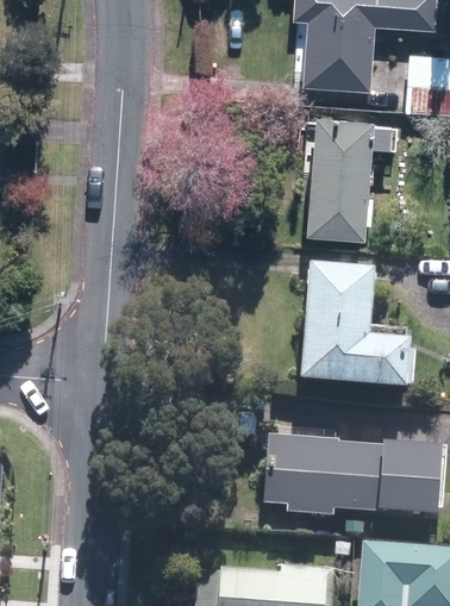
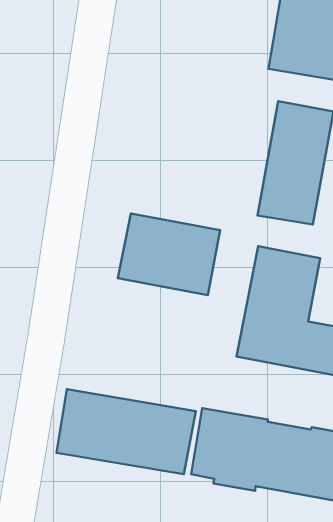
building: none -> [118,213,220,295]
building: none -> [56,389,196,474]

